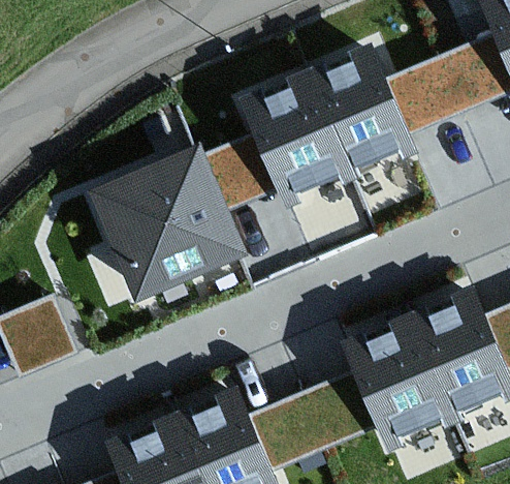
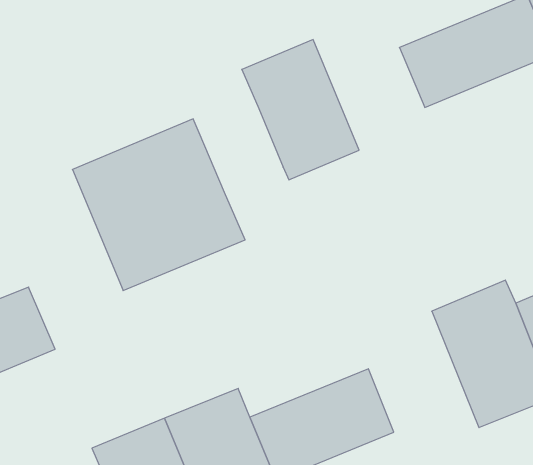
building: [306,47,411,173] -> none
building: [203,135,279,211] -> none
building: [345,317,454,450] -> none

